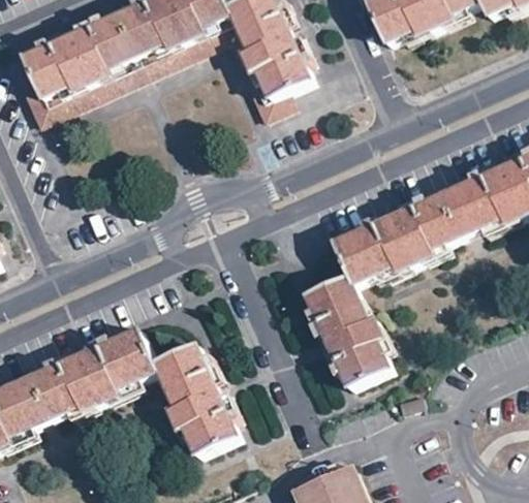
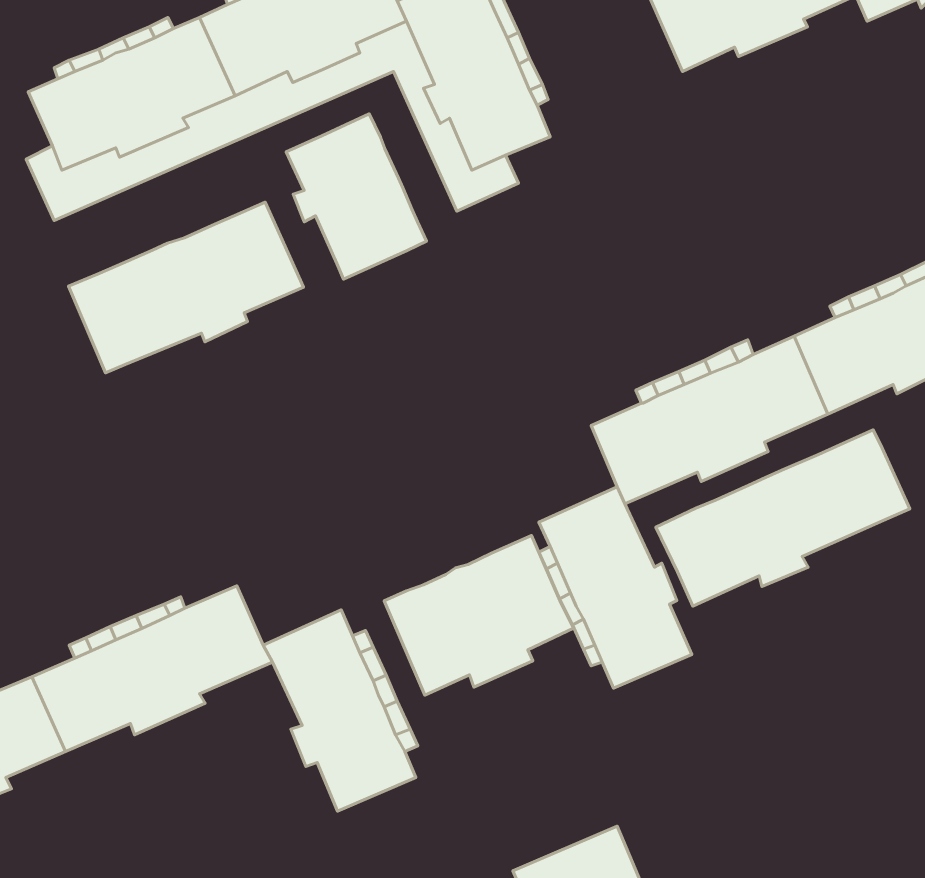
building: none -> [286,114,427,279]
building: none -> [69,202,304,373]
building: none -> [656,430,910,606]
building: none -> [384,535,573,695]

